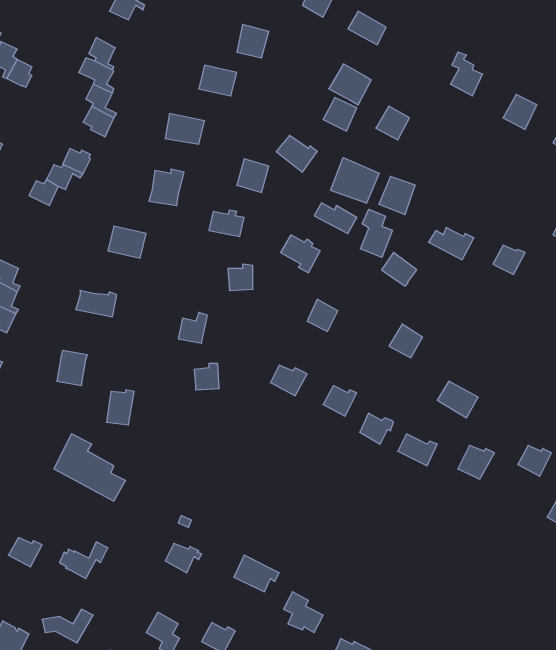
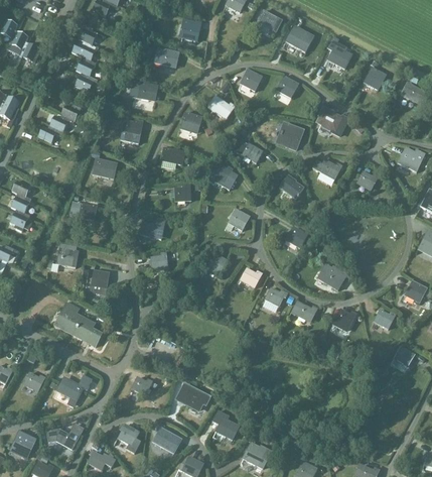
building: [329,64,371,105] -> [285,24,314,52]
building: none -> [317,110,348,135]
building: [330,158,379,203] -> none
building: [360,209,393,257] -> none

